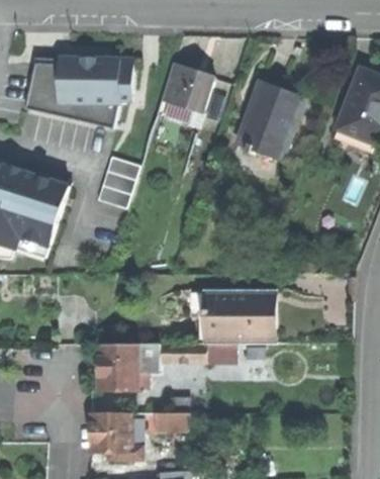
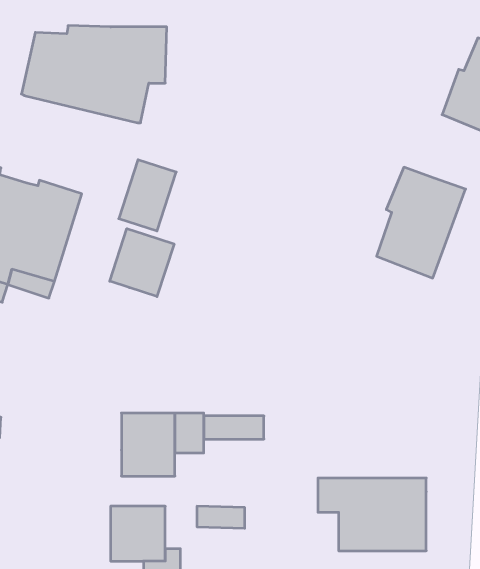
building: [155,57,214,120] -> none
building: [239,76,304,158] -> [377,167,466,278]
building: none -> [110,229,174,297]
building: [189,289,269,343] -> [318,478,426,551]

